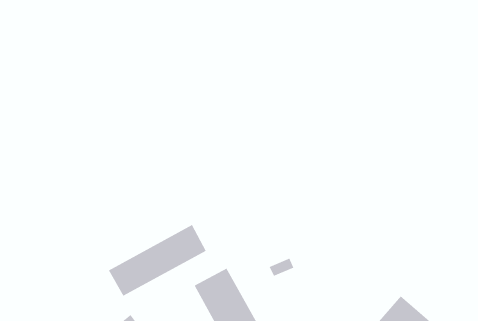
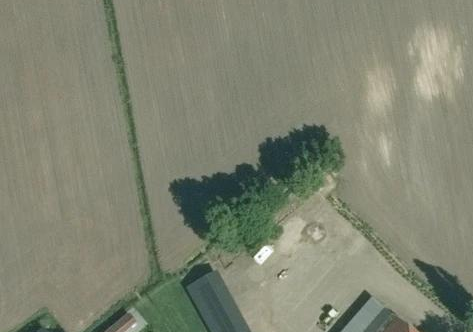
building: [108,224,206,296] -> none

